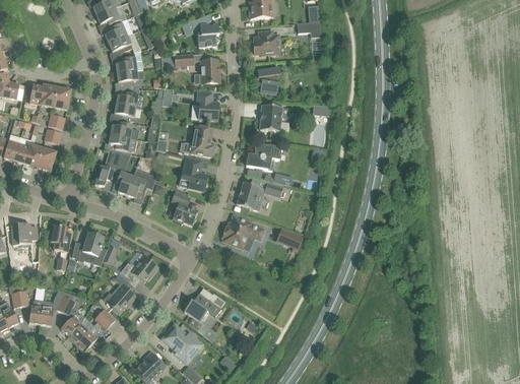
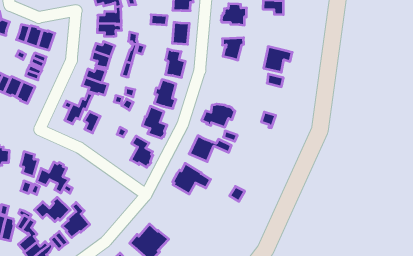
building: [259,105,288,131] -> [264,47,292,72]
building: [126,169,154,197] -> none
building: [119,254,158,281] -> [34,197,70,222]

